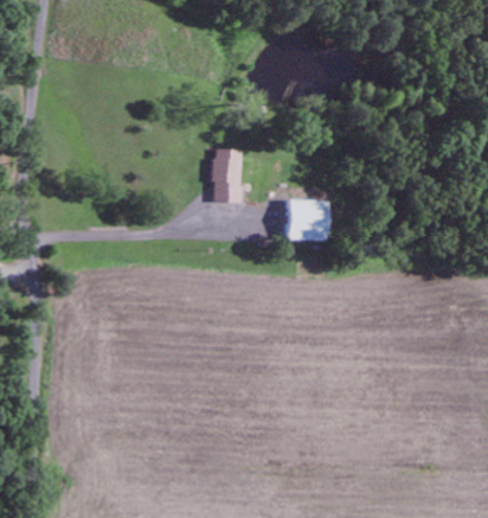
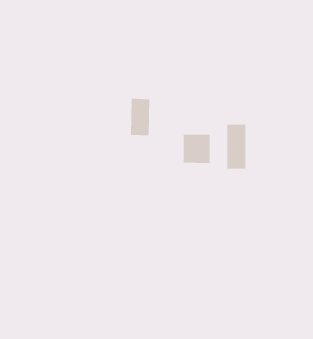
building: none -> [227,124,246,170]

